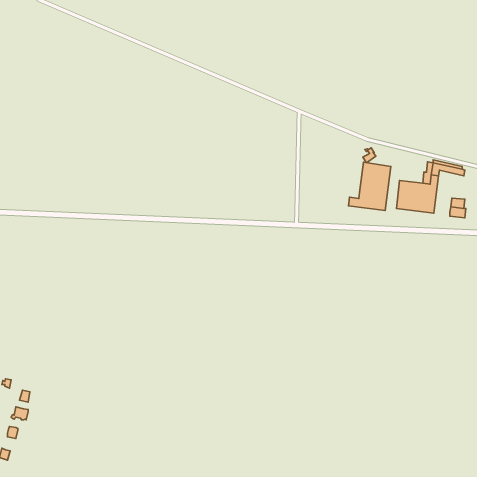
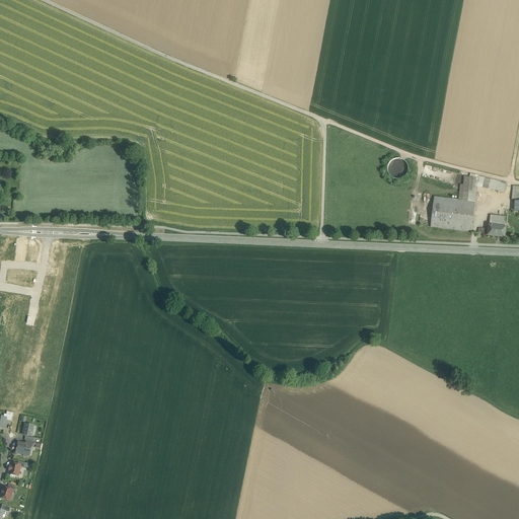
building: [349,162,391,211] -> none

